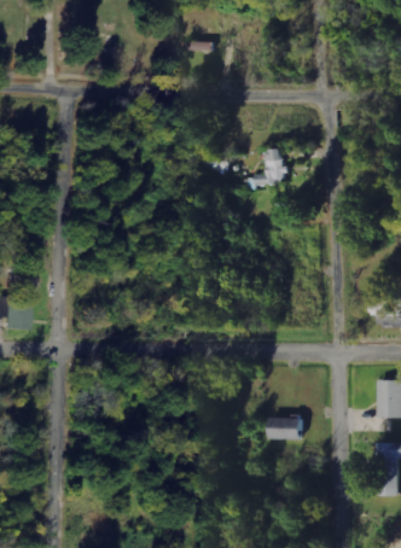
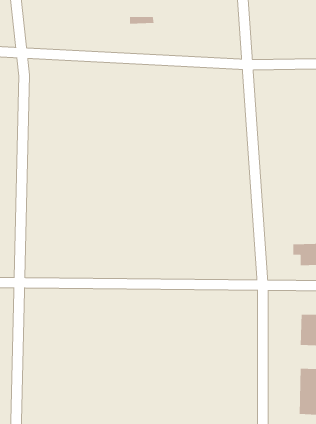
building: [251,150,284,185] -> none
building: [268,418,302,439] -> none

